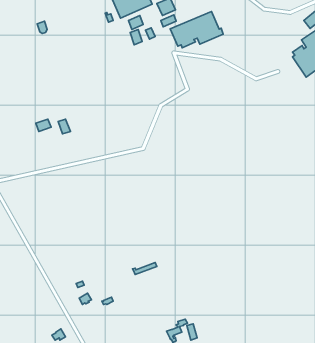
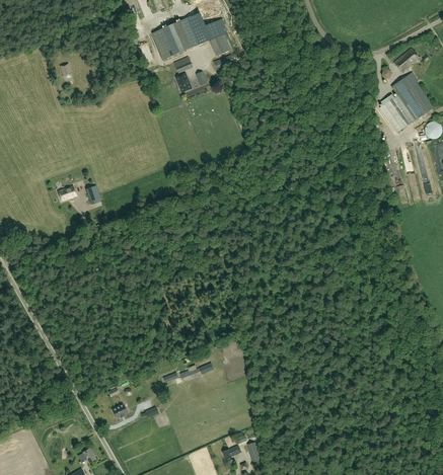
building: [170,12,223,48] -> none

